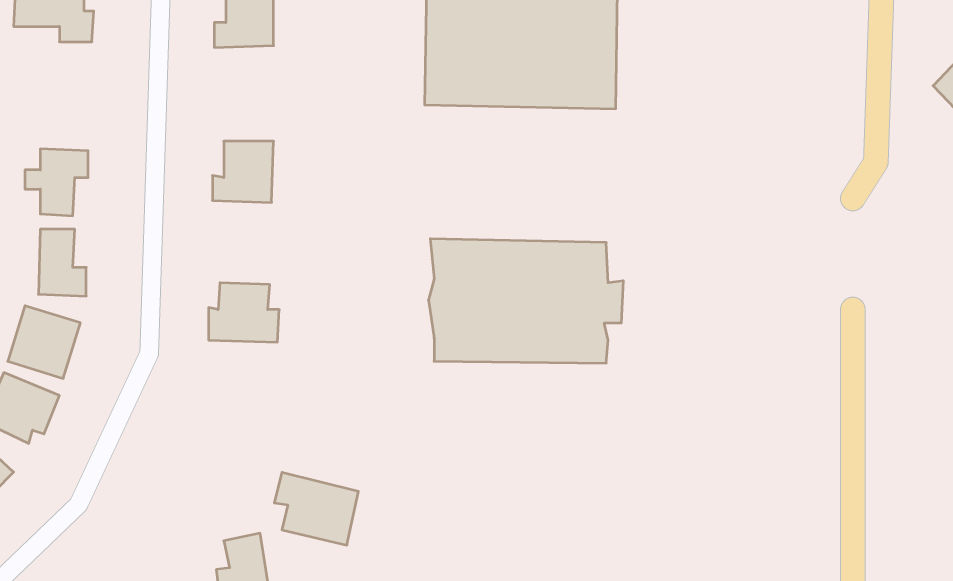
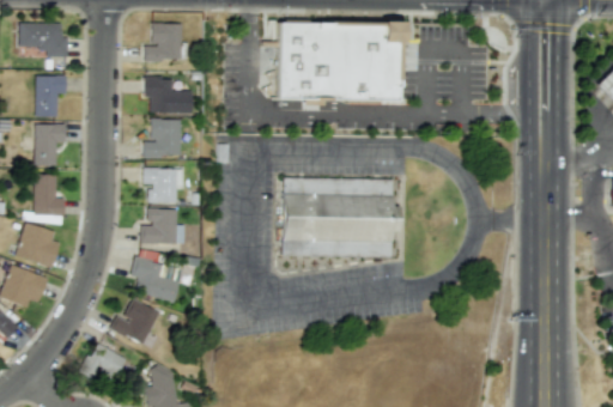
building: none -> [36,74,67,116]
building: none -> [145,77,193,113]
building: none -> [142,168,178,202]
building: none -> [111,299,160,344]
building: [274,472,358,545] -> [131,256,183,302]
building: none -> [83,342,127,383]

